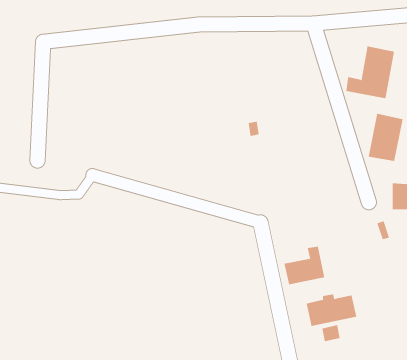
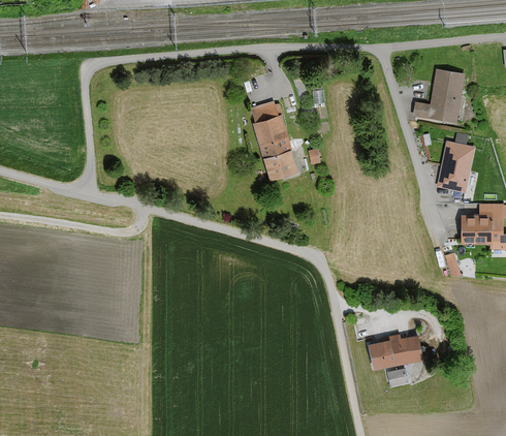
building: none -> [250,100,299,181]
building: [284,246,325,285] -> none

